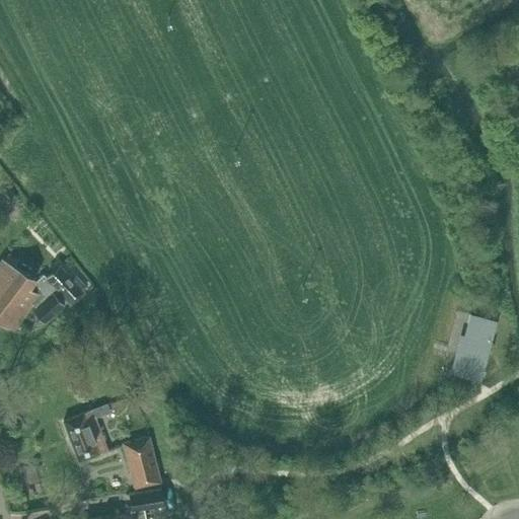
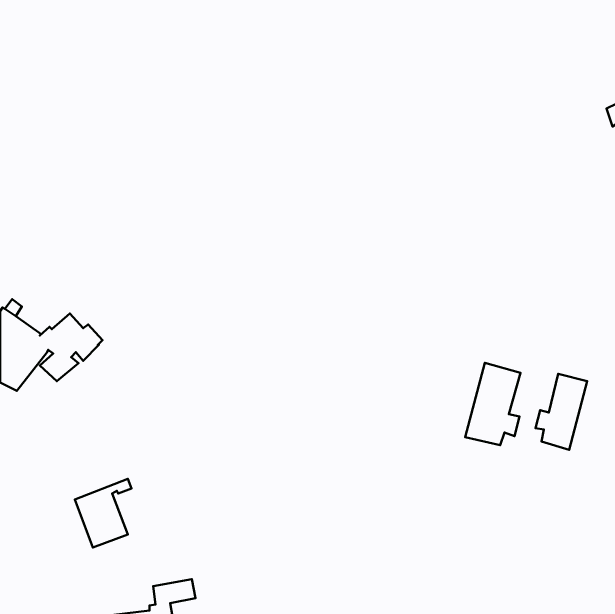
building: none -> [465,363,520,445]
building: [122,438,162,491] -> none

